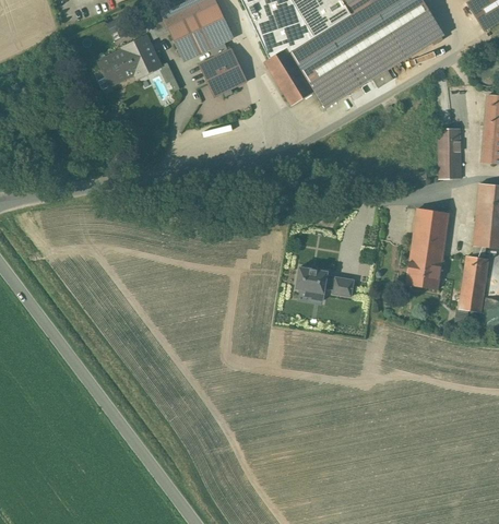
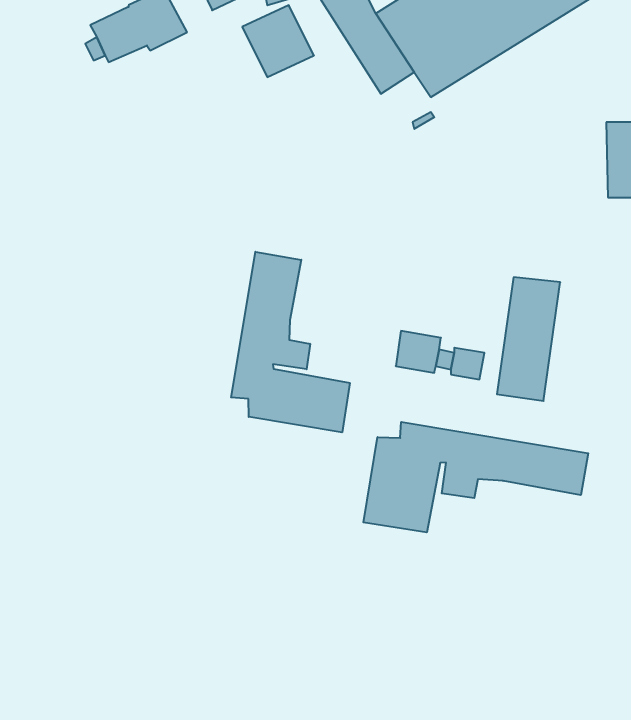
building: [407,206,449,287] -> [497,277,560,401]
building: none -> [231,252,350,432]
building: none -> [363,422,588,532]

